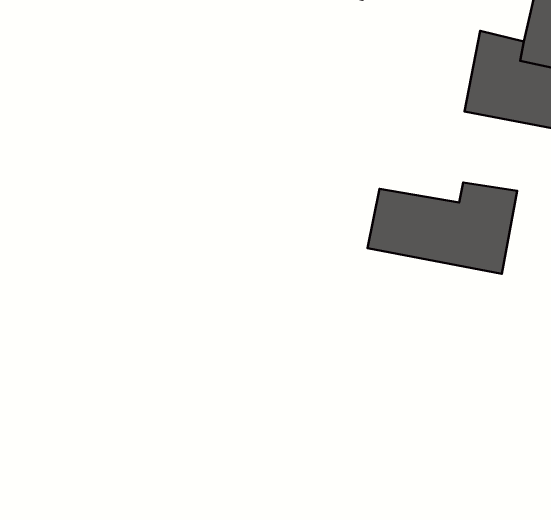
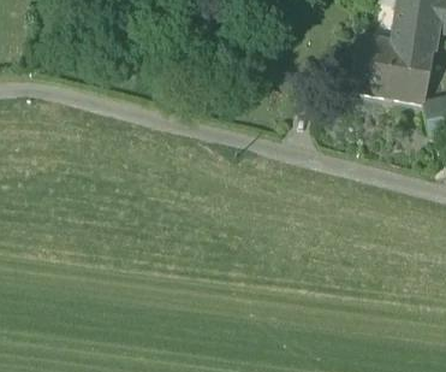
building: [368,183,517,274] -> none

